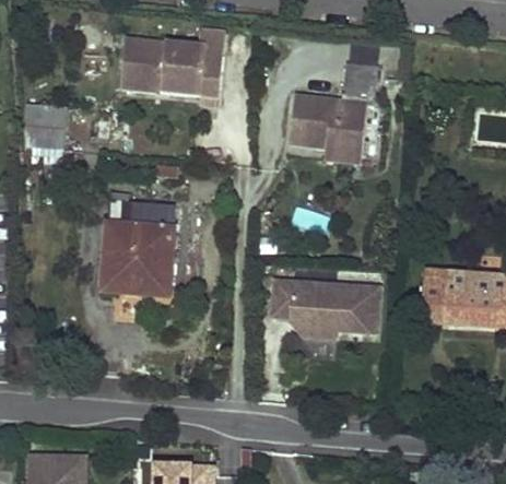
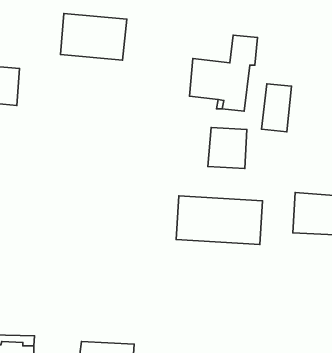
building: none -> [262,84,292,132]
building: none -> [208,127,247,169]
building: [101,201,176,299] -> none

